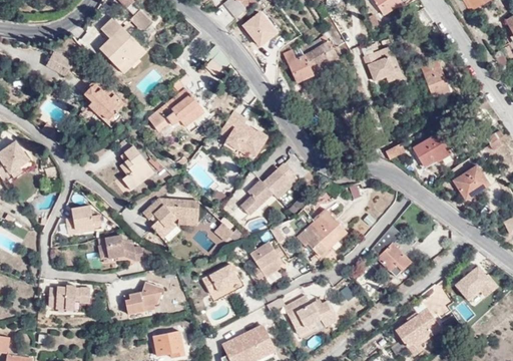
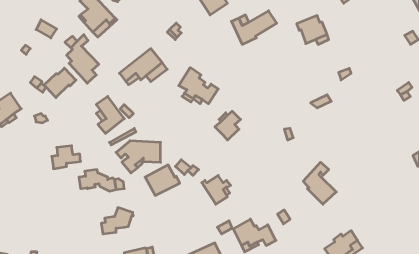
building: [420,63,450,97] -> none
building: none -> [44,68,76,98]
building: [414,138,448,164] -> none
building: [453,166,488,200] -> none
building: [241,180,274,215] -> none
building: [298,212,345,257] -> none
building: [454,264,498,302] -> none
building: [202,265,244,302] -> [145,165,180,195]
building: [48,285,90,308] -> none

